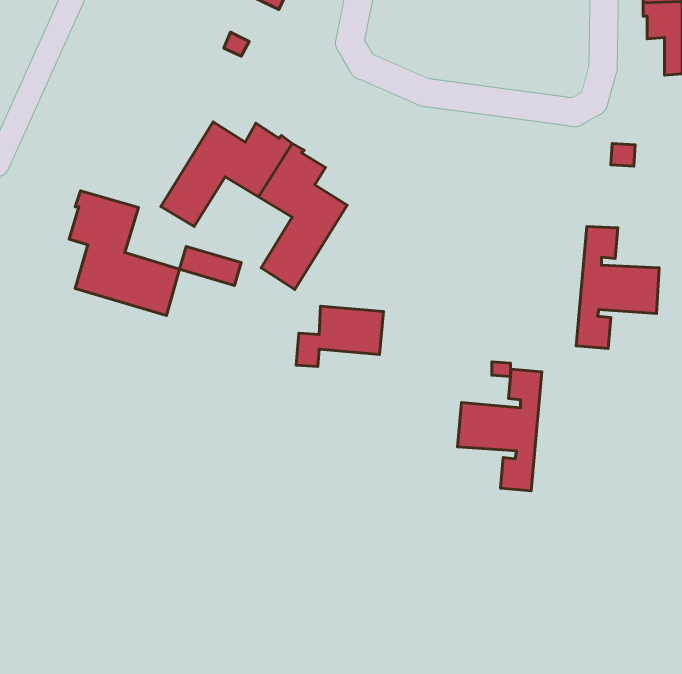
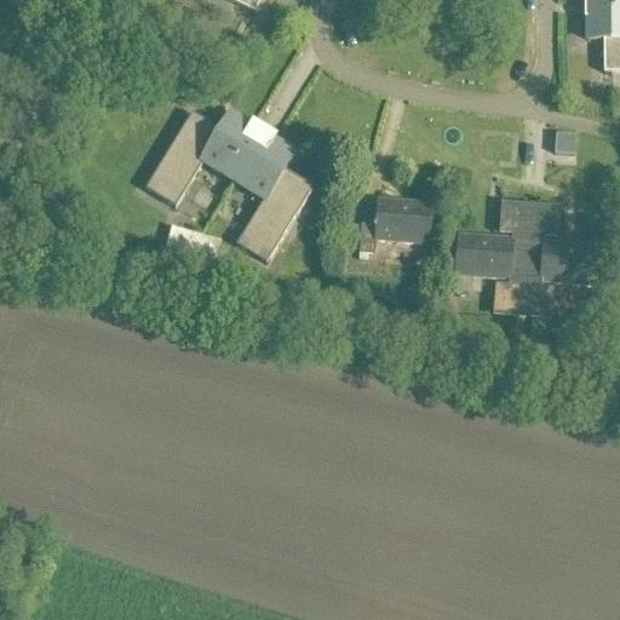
building: [69,191,180,315] -> none
building: [296,306,383,367] -> [356,196,435,251]
building: [458,369,542,491] -> [454,202,530,312]

